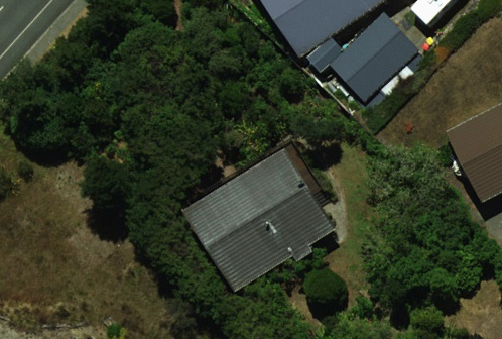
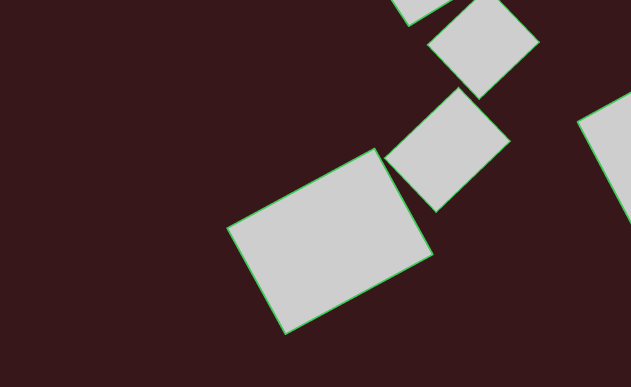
building: none -> [384,87,510,212]

